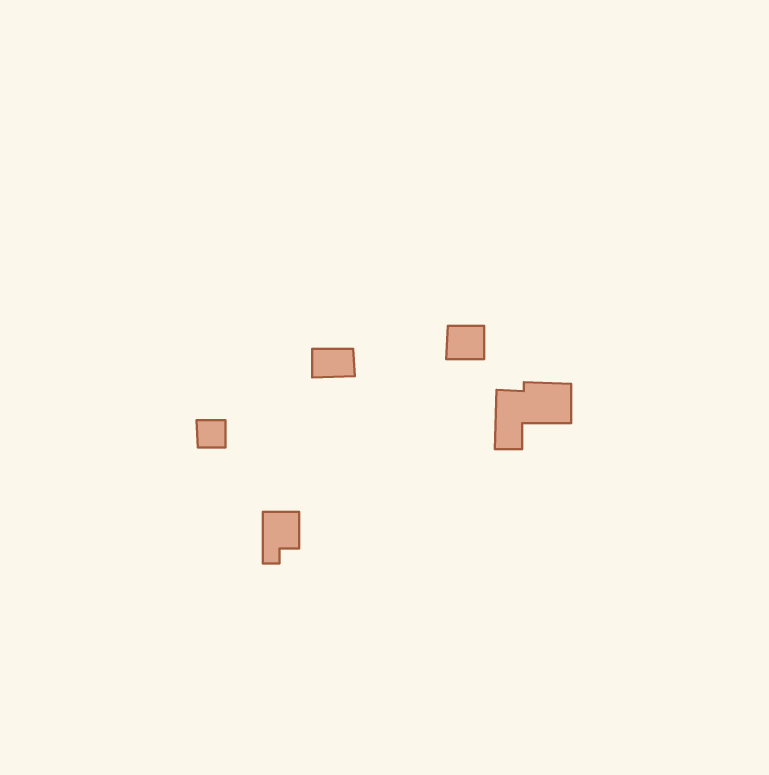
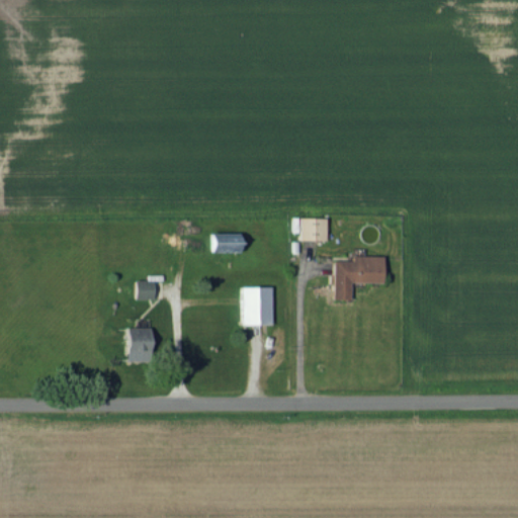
building: none -> [244,287,274,326]
building: [263,512,299,564] -> [128,328,153,362]

